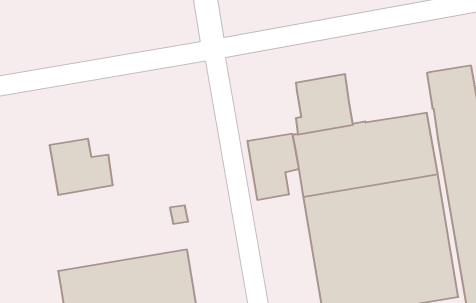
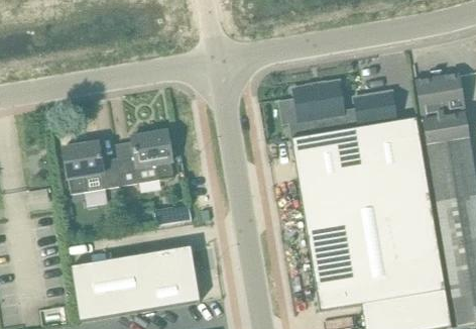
building: none -> [354,91,397,126]
building: none -> [116,130,174,185]
building: [248,134,299,200] -> none

